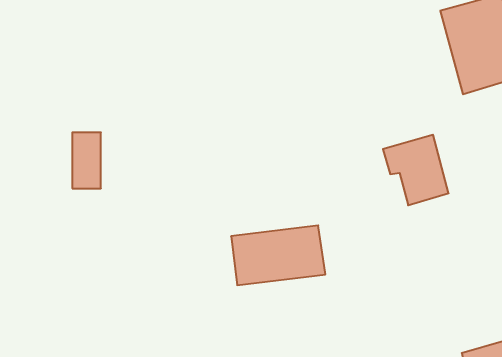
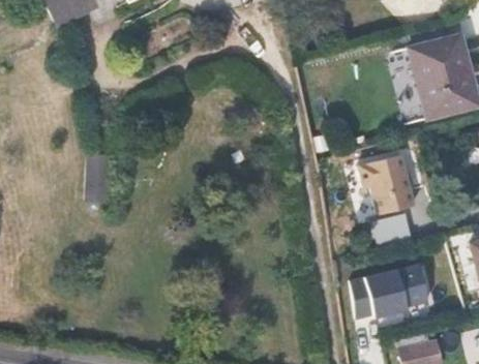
building: none -> [368,211,410,247]
building: [231,225,325,285] -> [345,265,426,316]

